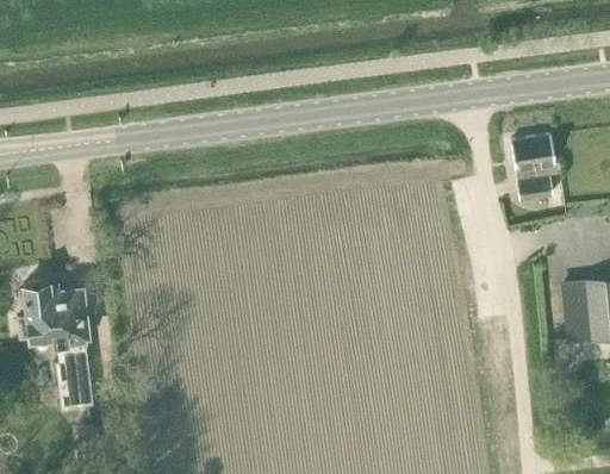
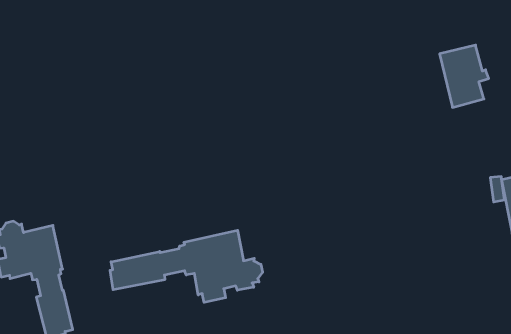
building: none -> [110,230,263,302]

